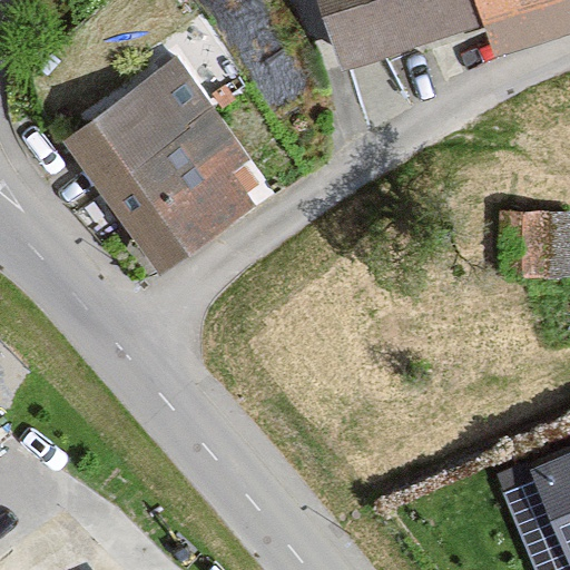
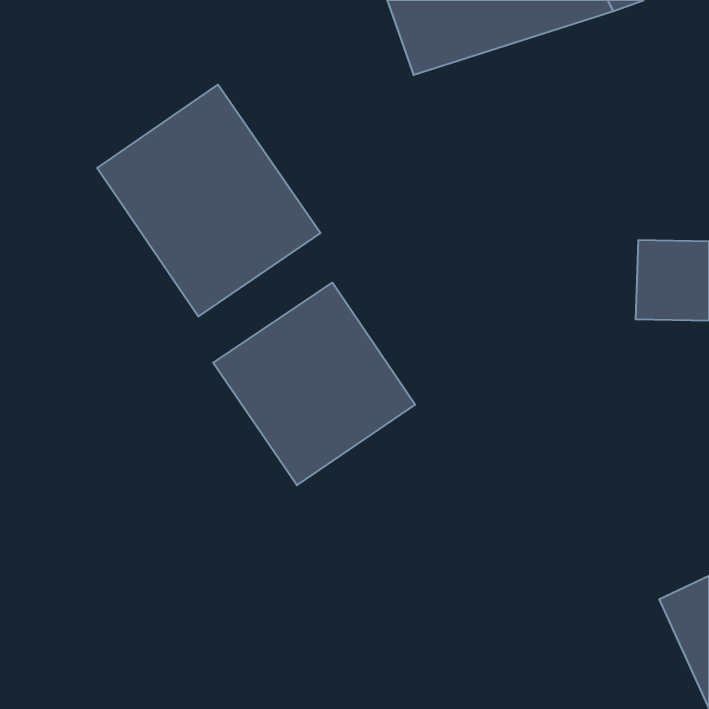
building: none -> [213,283,415,485]

